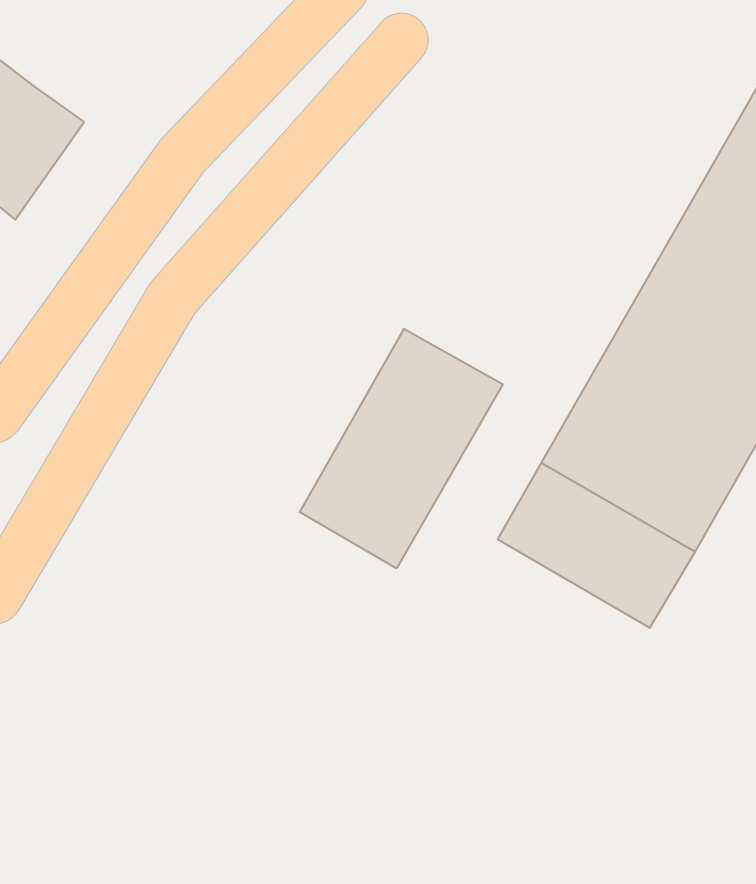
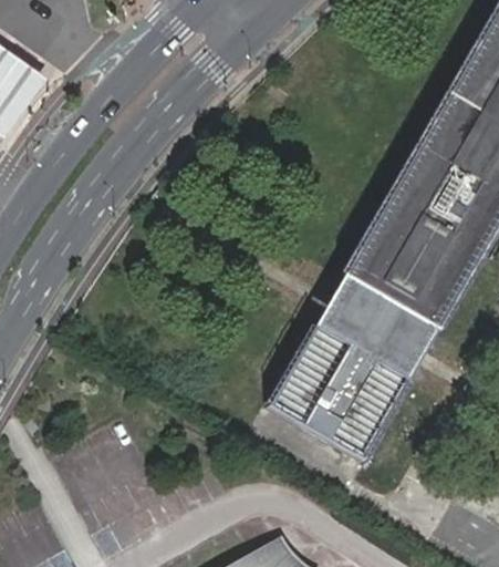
building: [300,329,503,568] -> none
building: none -> [262,332,403,467]

